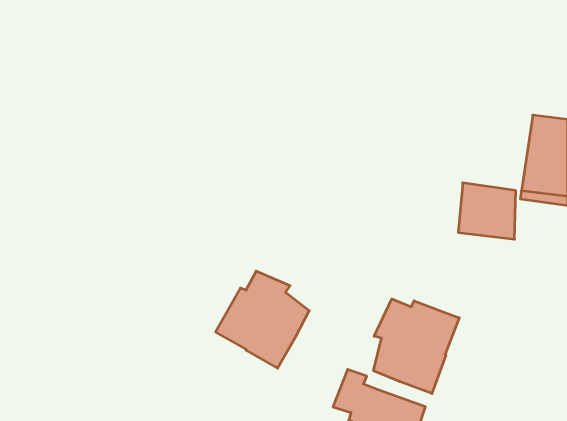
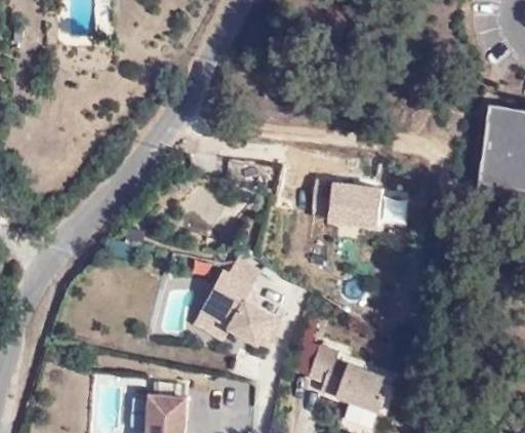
building: [458,183,516,239] -> [327,182,379,233]
building: [374,299,459,394] -> none

